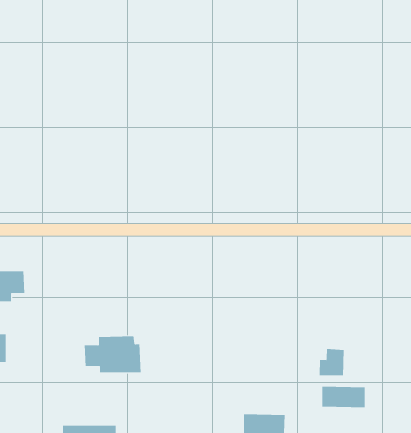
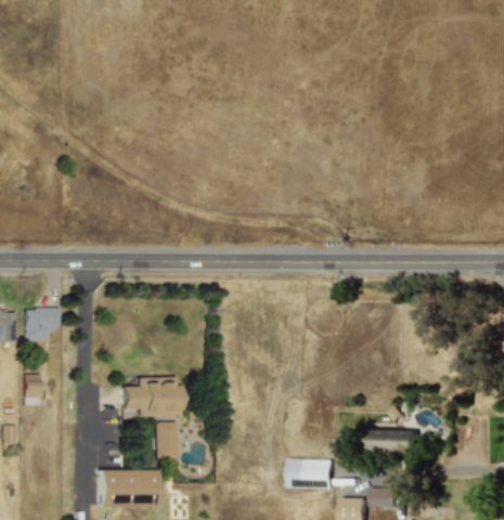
building: [319,348,344,376] -> none
building: none -> [155,421,177,459]

